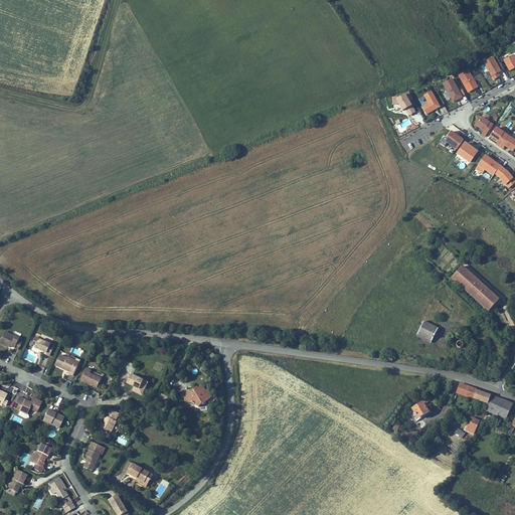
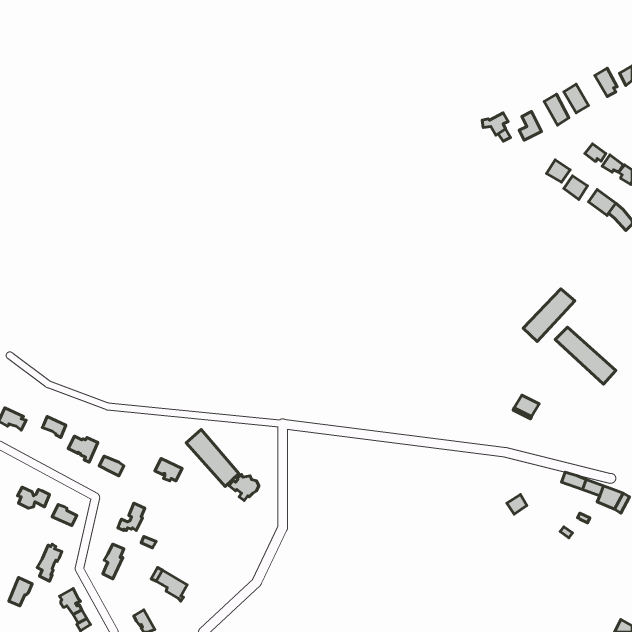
building: none -> [523,289,575,341]
building: none -> [186,430,239,486]

